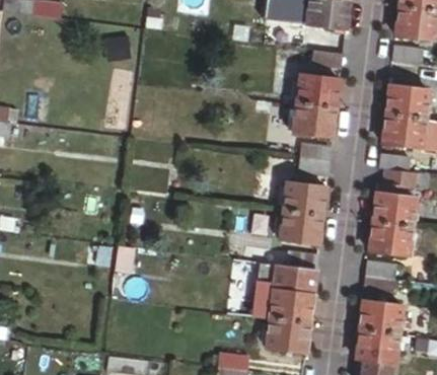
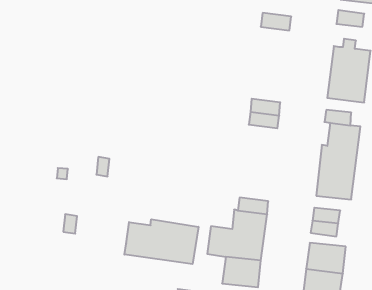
building: [293,74,340,135] -> none
building: [280,181,326,242] -> none
building: none -> [124,219,198,264]

